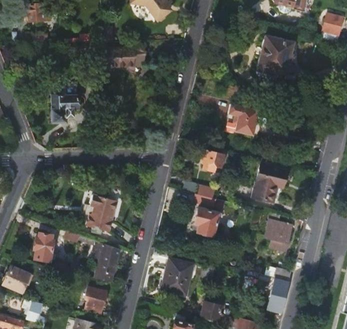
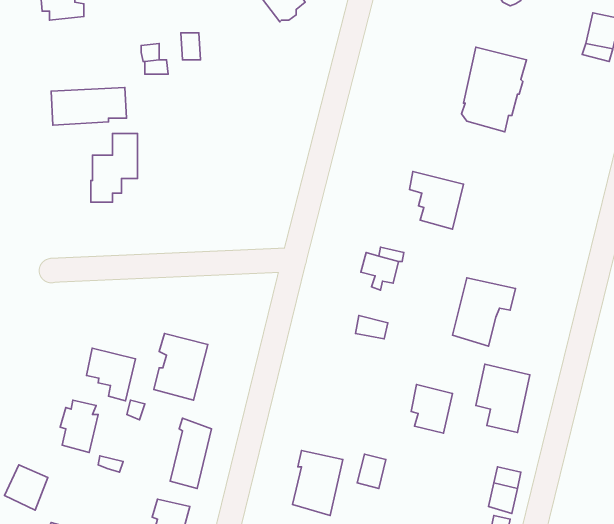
building: [101,47,143,68] -> [51,87,127,125]
building: none -> [87,348,135,401]
building: [196,207,219,234] -> [411,385,452,433]

